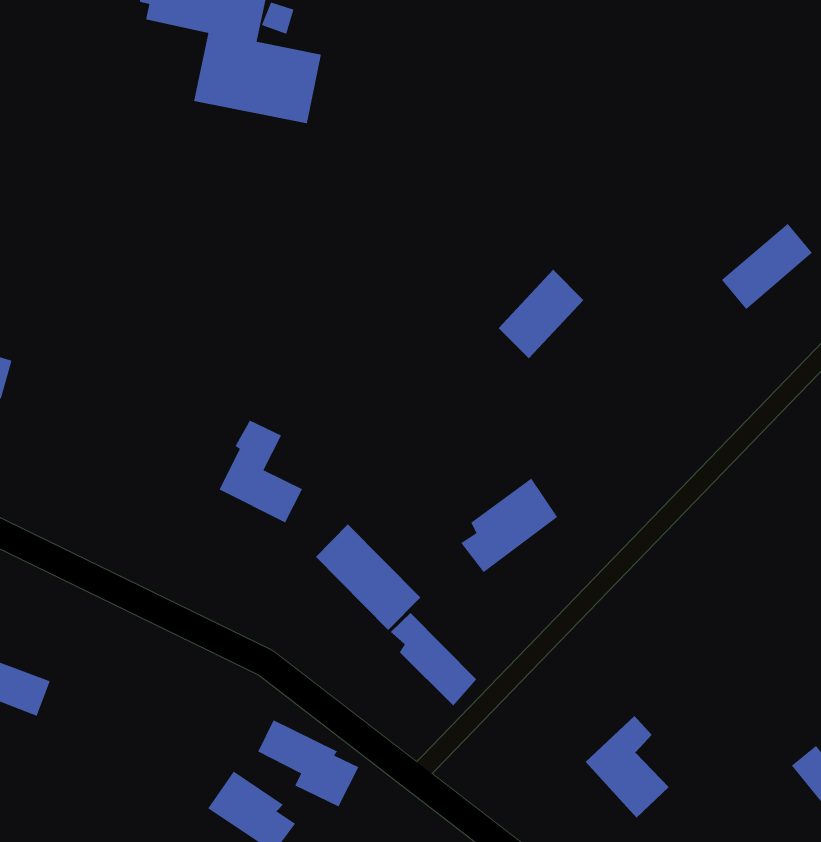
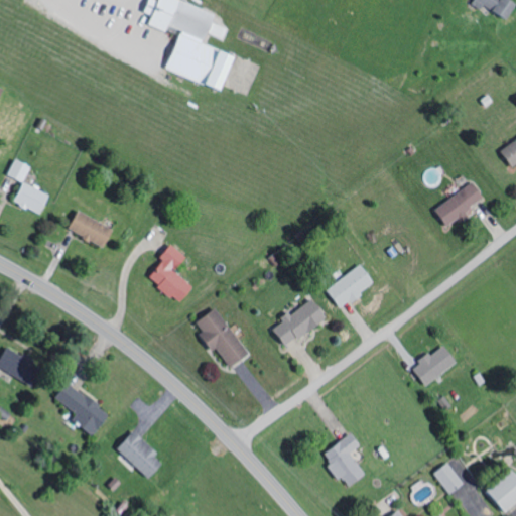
building: [498,269,584,359] -> [327,262,375,308]
building: none -> [69,212,113,245]
building: none -> [411,343,457,385]
building: [390,612,477,706] -> none
building: [257,719,359,808] -> [55,382,109,434]

